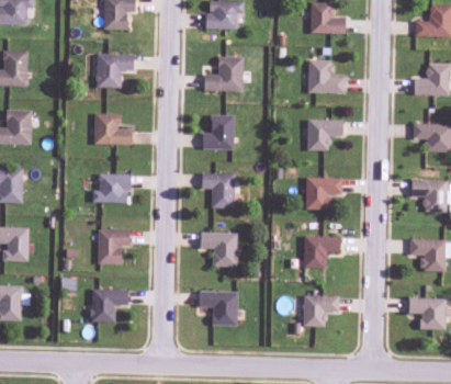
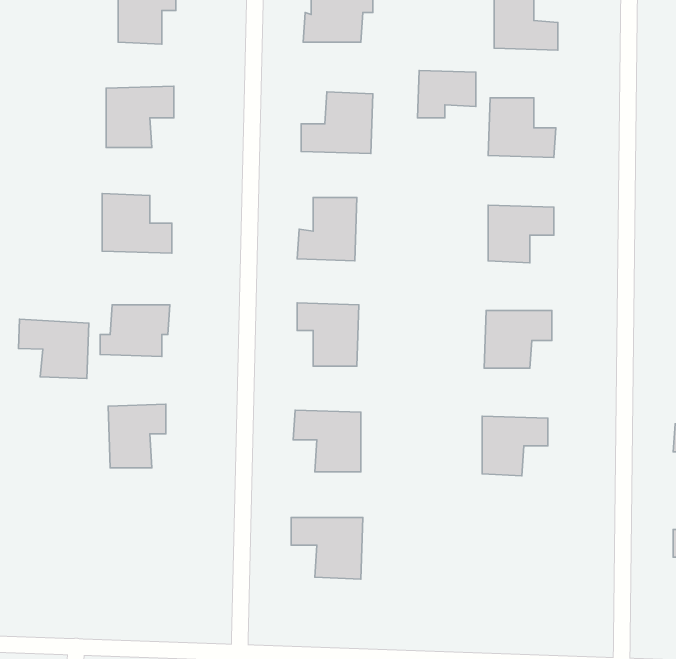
building: none -> [418,70,476,118]
building: none -> [18,319,89,378]
building: [91,289,128,321] -> none
building: [303,294,339,326] -> none

